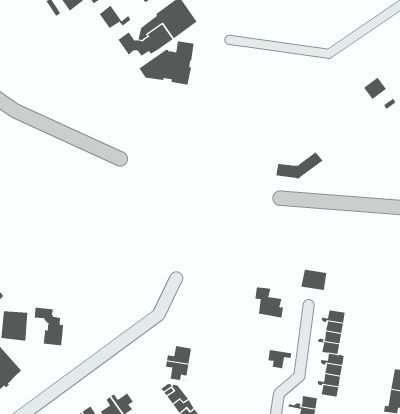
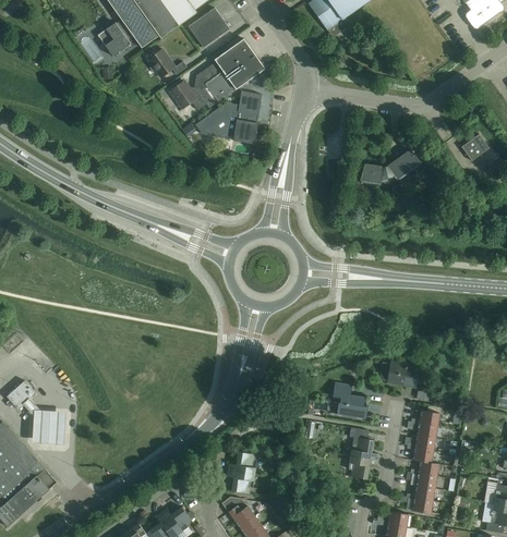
building: [275,151,323,179] -> [362,150,419,183]
building: [34,307,63,346] -> none
building: none -> [348,427,378,461]

